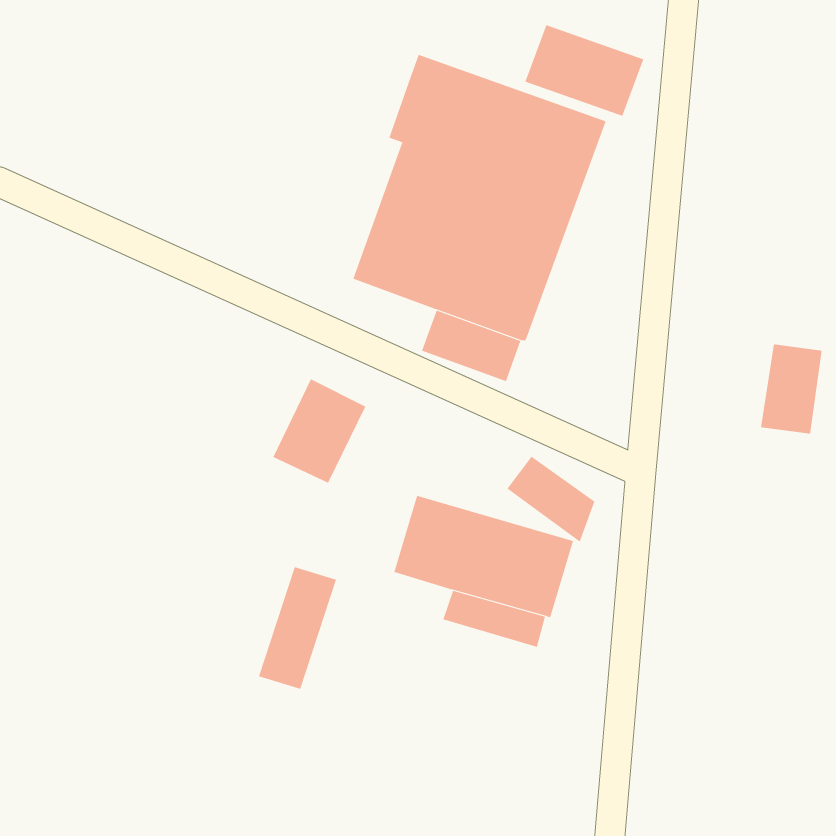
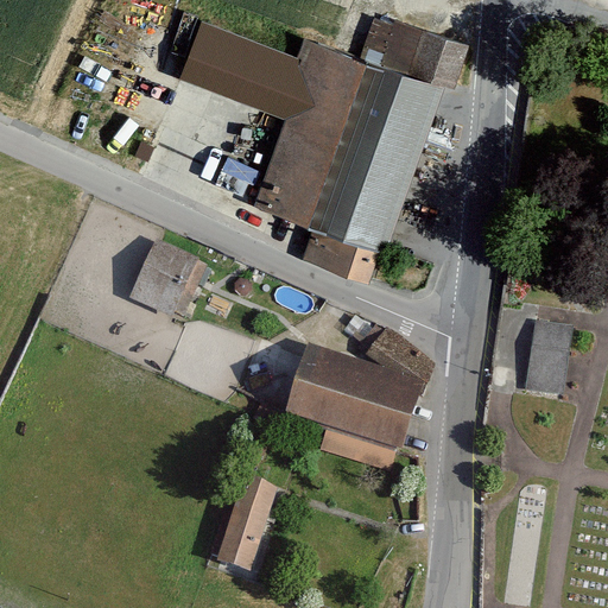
building: none -> [185,21,297,100]
building: [760,344,822,434] -> [525,329,570,394]
building: [273,379,366,483] -> [129,241,197,317]
building: [258,567,337,689] -> [217,482,274,571]

